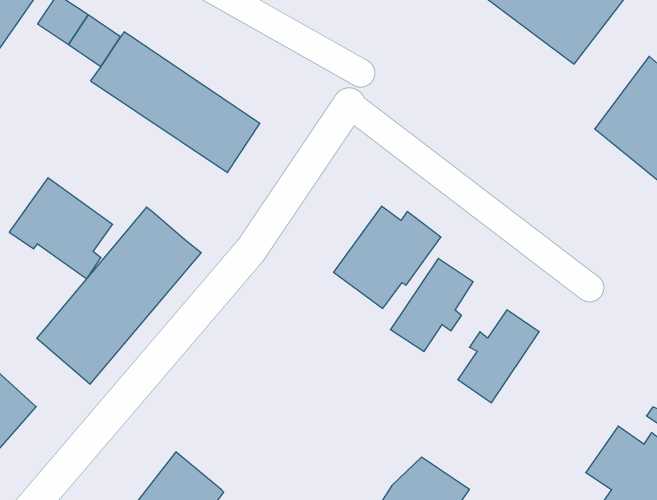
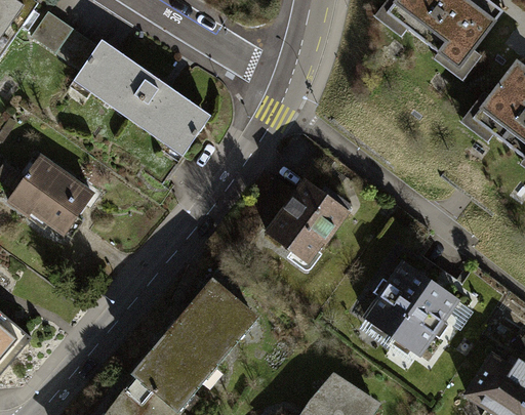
building: [37,207,201,384] -> none
building: [390,258,473,352] -> [392,280,457,354]
building: none -> [137,285,251,405]

